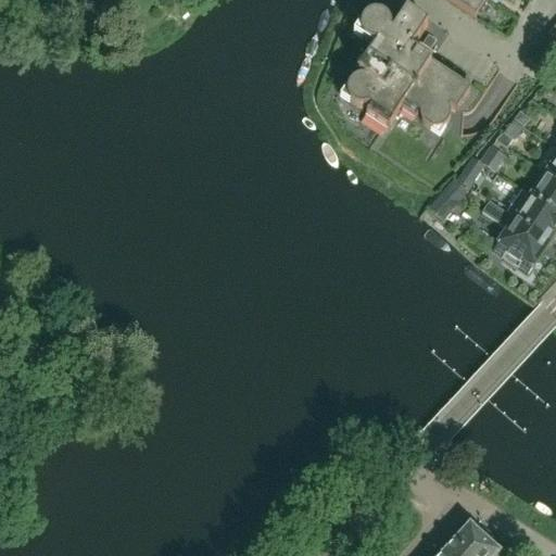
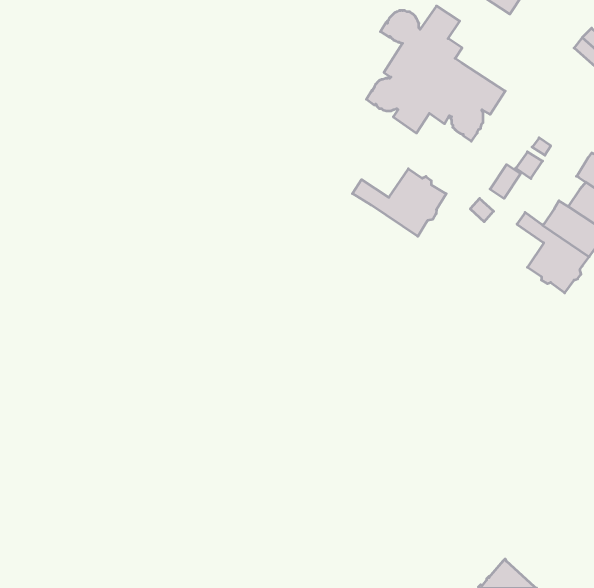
building: none -> [352,169,446,236]

